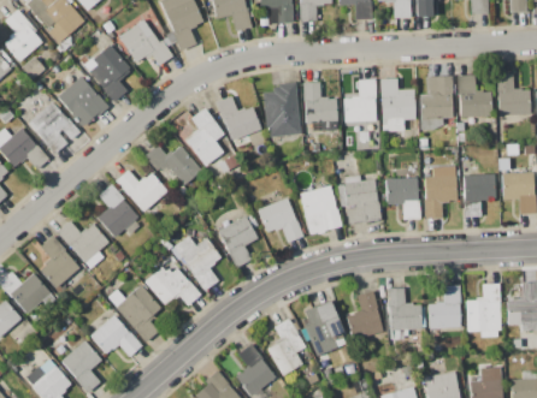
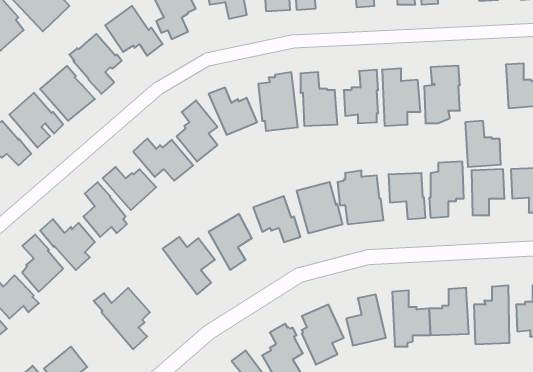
building: [458,75,491,118] -> [465,121,501,167]
building: [143,267,200,305] -> none
building: [89,315,142,357] -> none

